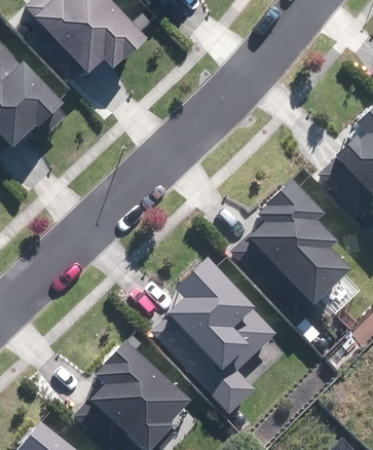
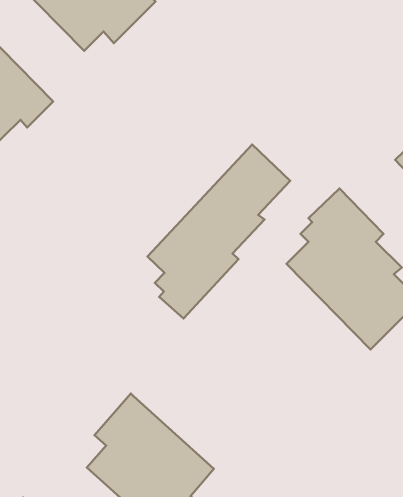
building: none -> [148,144,290,318]
building: [165,256,283,410] -> none

